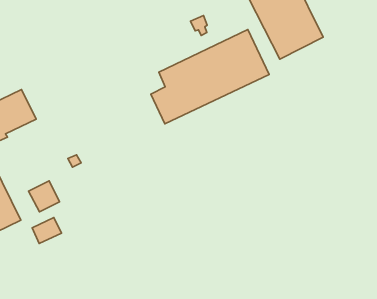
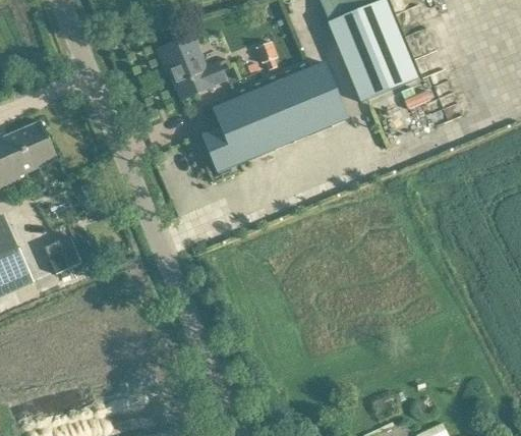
building: none -> [157,35,223,98]
building: [32,217,61,243] -> none

